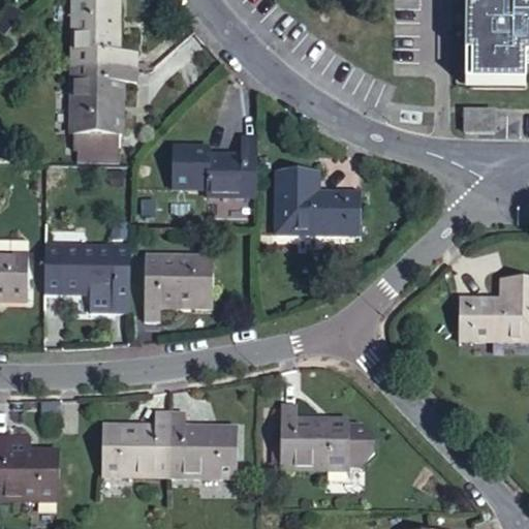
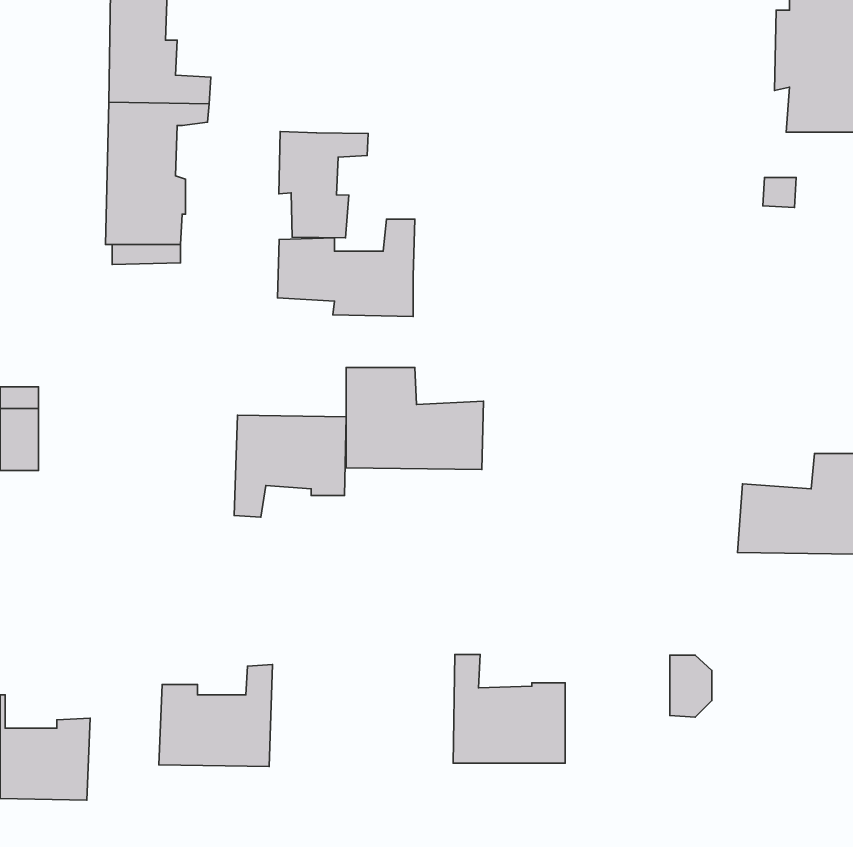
building: none -> [279,131,368,238]
building: [275,170,360,234] -> [346,368,483,470]
building: [59,246,127,310] -> none
building: [167,409,238,474] -> none
building: [350,428,376,466] -> [670,655,712,717]

